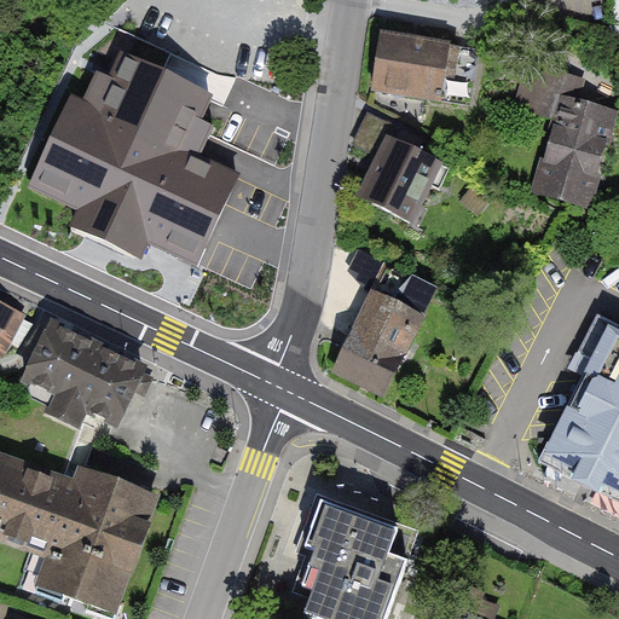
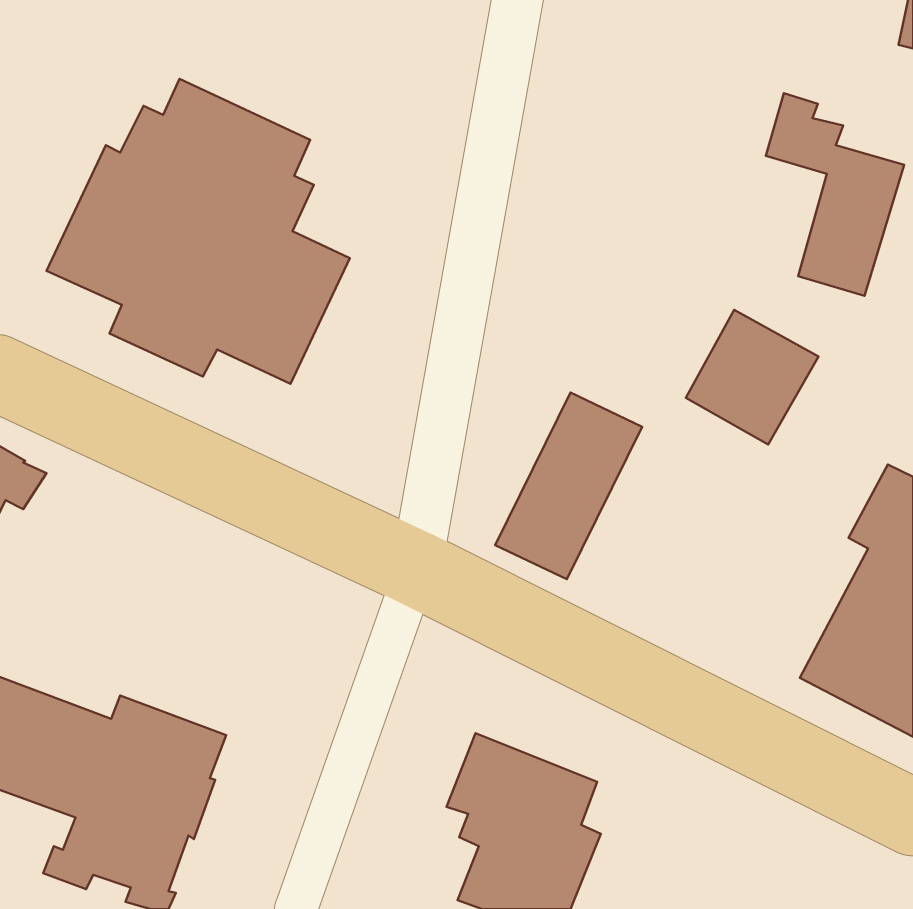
building: [372,35,475,99] -> none
building: [354,135,444,226] -> [686,310,818,444]
building: [25,324,150,424] -> none

